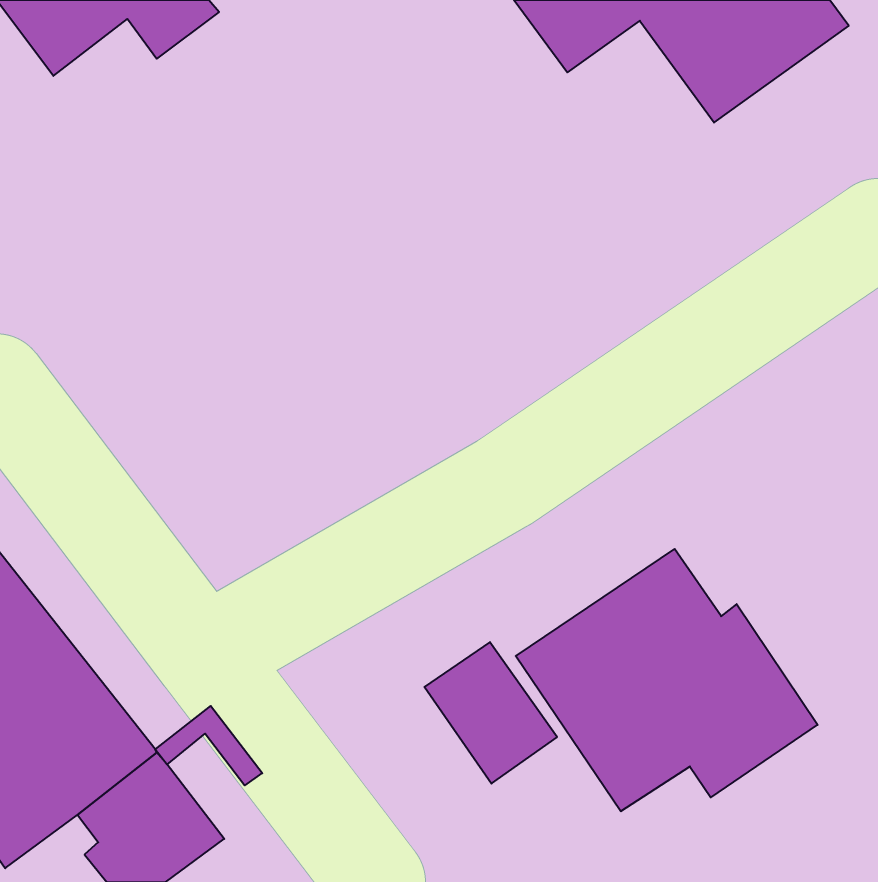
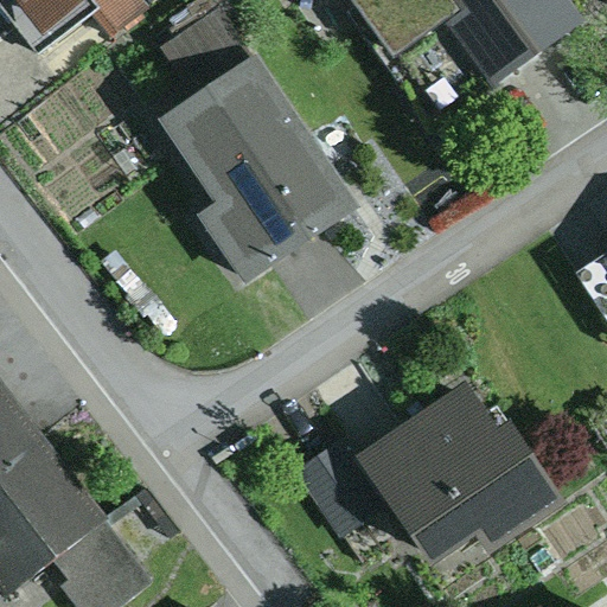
building: none -> [156,5,358,282]

